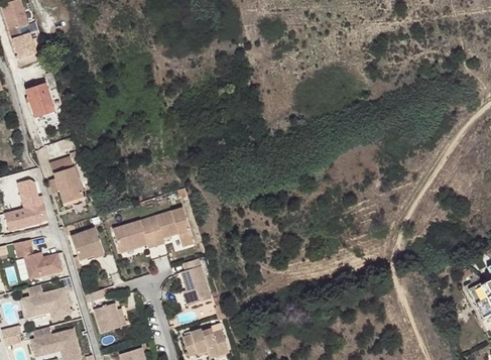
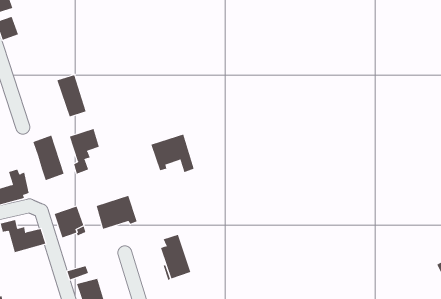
building: [25,83,56,127] -> [56,74,87,117]
building: none -> [69,128,99,175]
building: [149,207,195,247] -> [151,134,194,173]
building: [22,283,73,318] -> none

